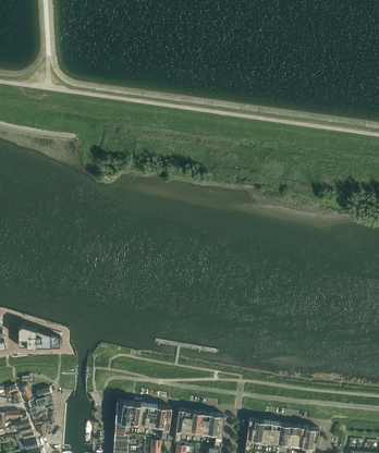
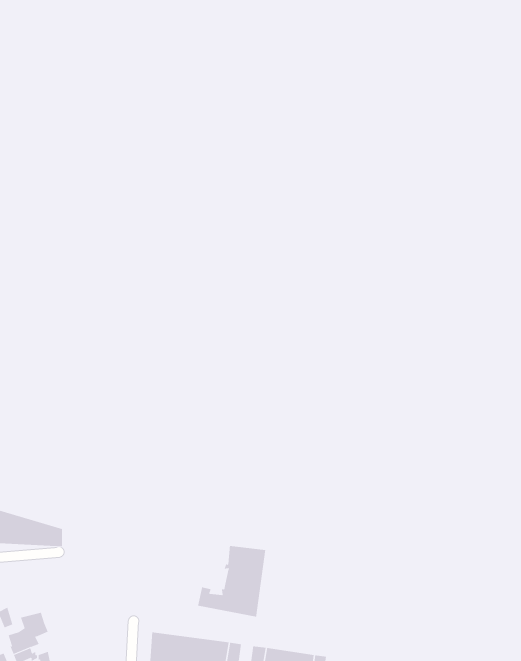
building: none -> [197,545,266,617]

